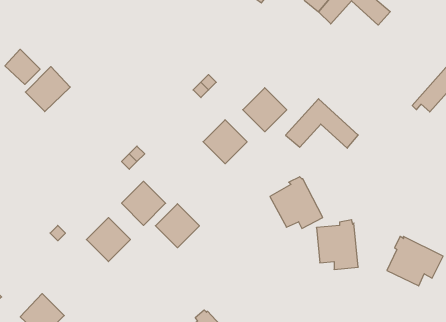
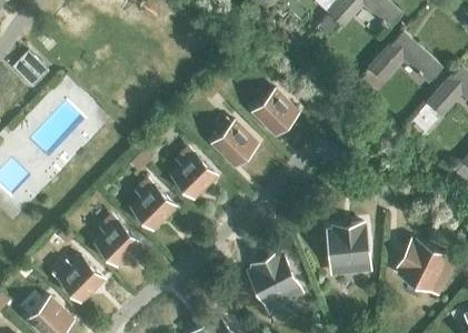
building: [25,67,70,112] -> none
building: [286,99,358,148] -> [368,32,441,82]
building: [270,177,323,228] -> [248,252,301,304]
building: [155,204,199,248] -> [171,153,216,198]
building: none -> [59,258,103,302]

